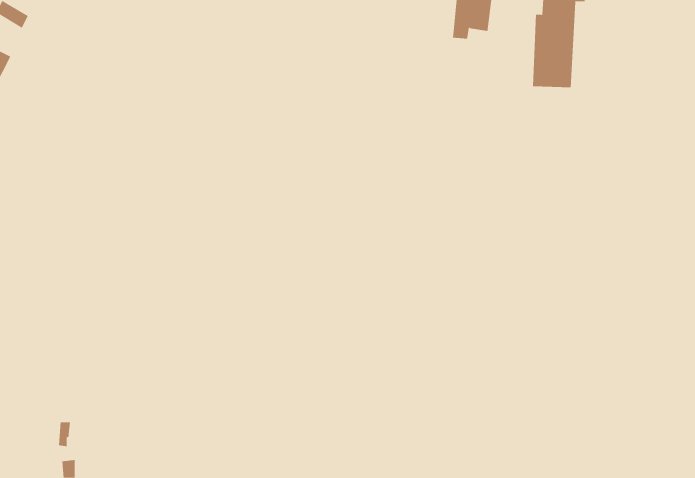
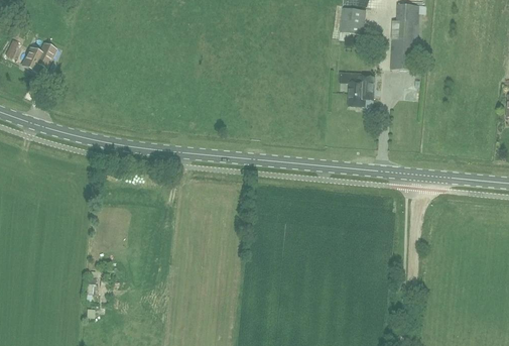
building: none -> [348,74,373,106]

